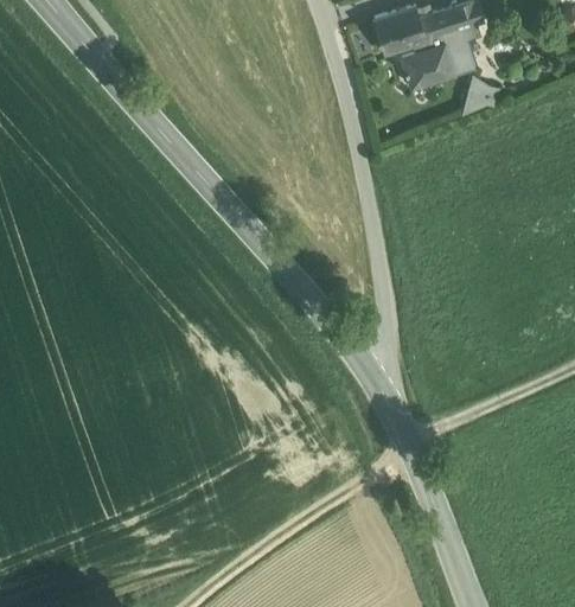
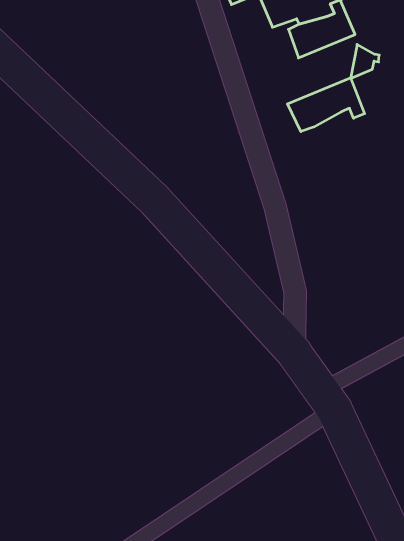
building: none -> [287,78,365,132]

